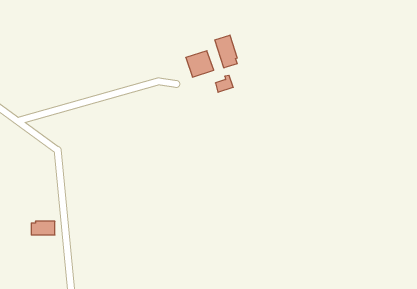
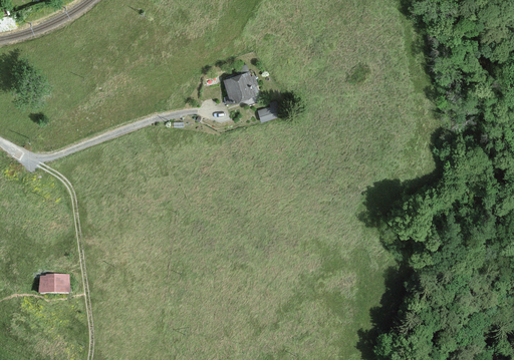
building: [215,35,237,68] -> none

